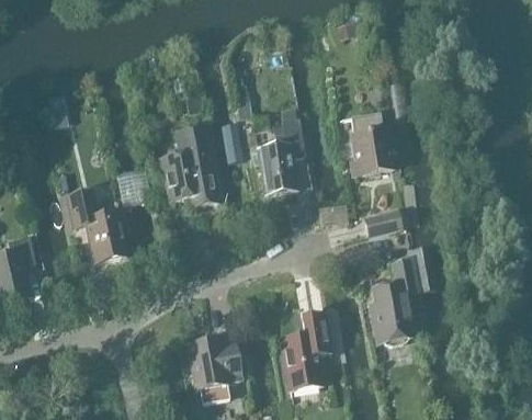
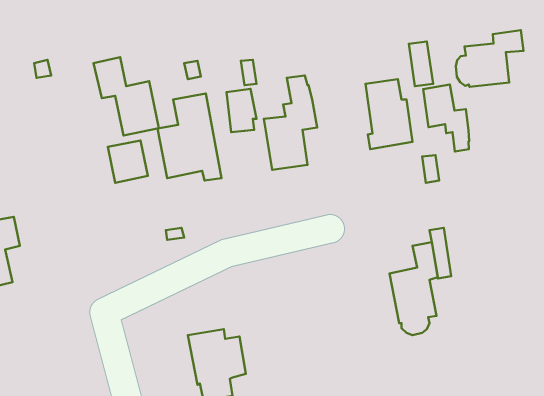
building: none -> [456,30,524,87]
building: none -> [423,84,469,151]
building: [68,190,127,261] -> [93,57,159,136]
building: [365,211,401,236] -> none
building: [282,313,330,389] -> none

